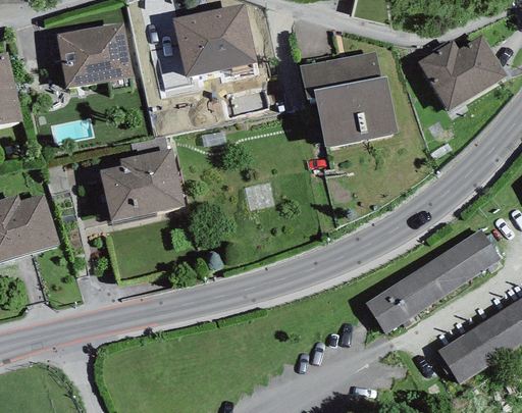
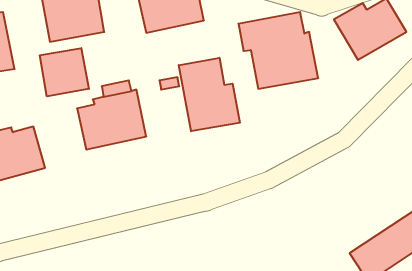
building: none -> [40,48,89,96]
building: none -> [179,58,240,131]
building: [366,229,500,334] -> none

